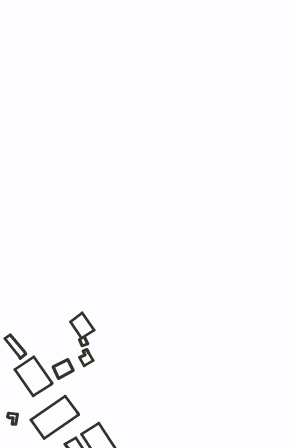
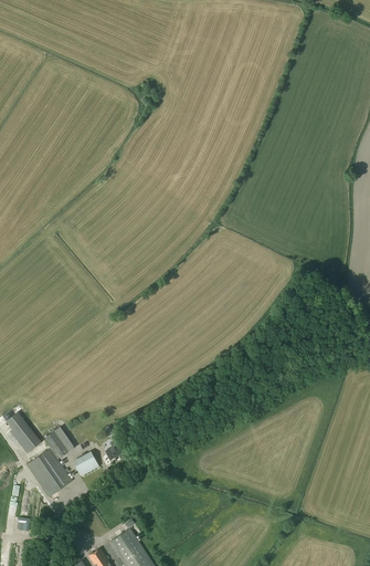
building: [70,313,94,338] -> [44,427,73,458]
building: [31,396,78,439] -> none

